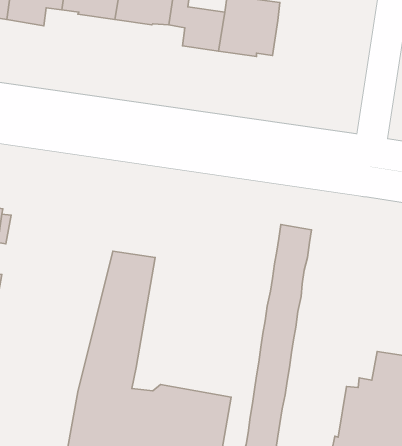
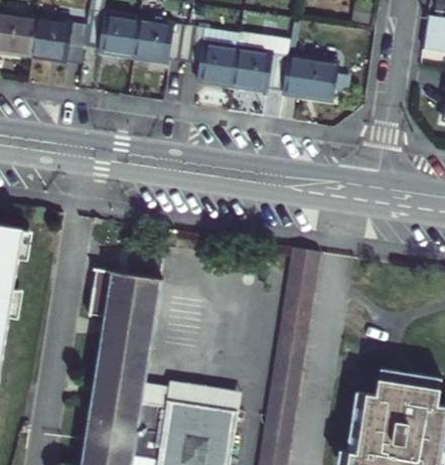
building: none -> [280,54,336,99]
building: none -> [92,269,129,408]
building: none -> [147,381,245,413]

